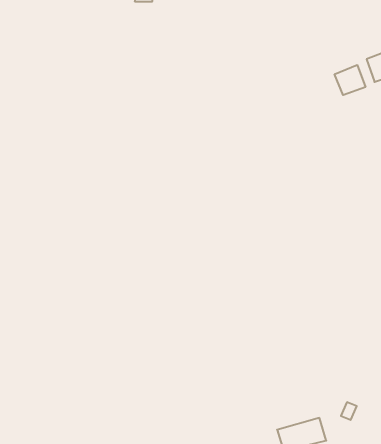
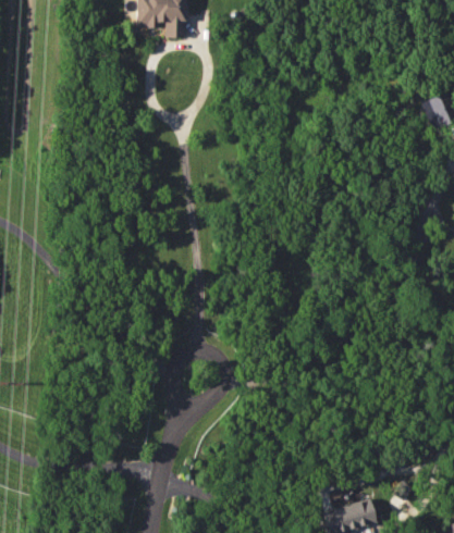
building: [335,65,365,95] -> none

